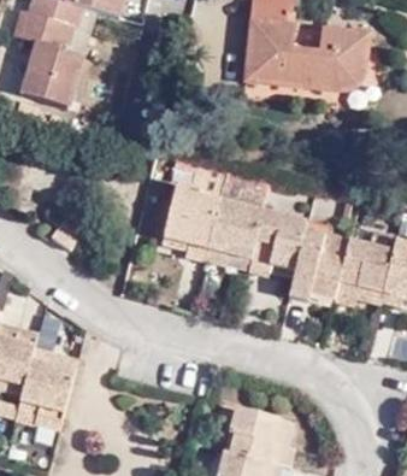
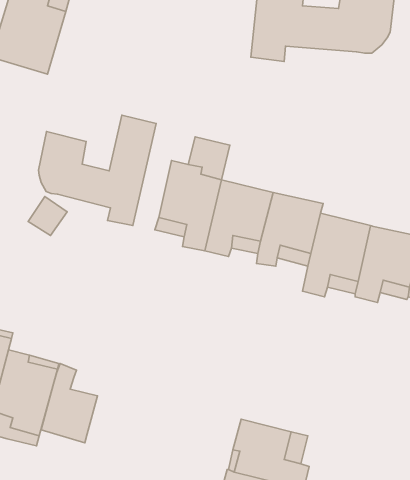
building: none -> [39,115,156,226]
building: [219,169,270,210] -> none
building: none -> [41,364,98,443]

